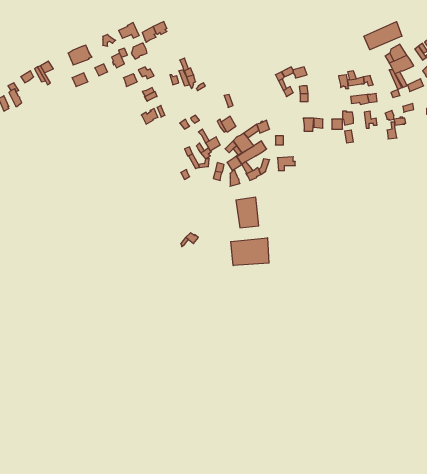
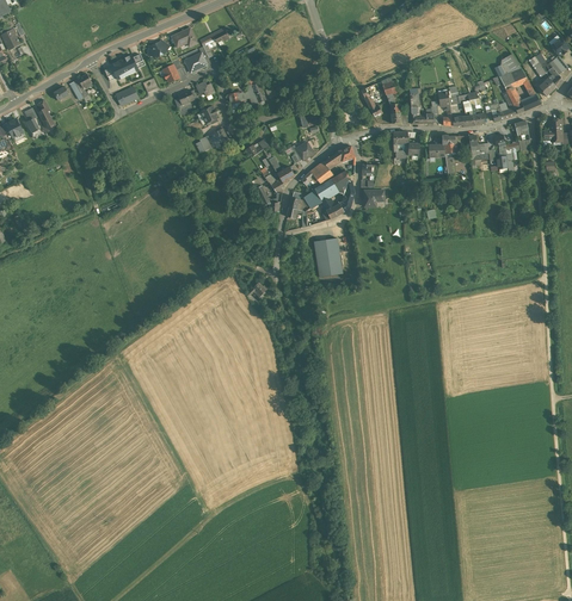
building: [364,22,402,50] -> none
building: [231,238,269,266] -> none

